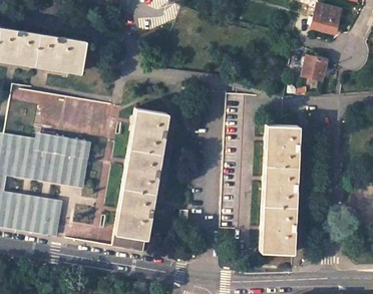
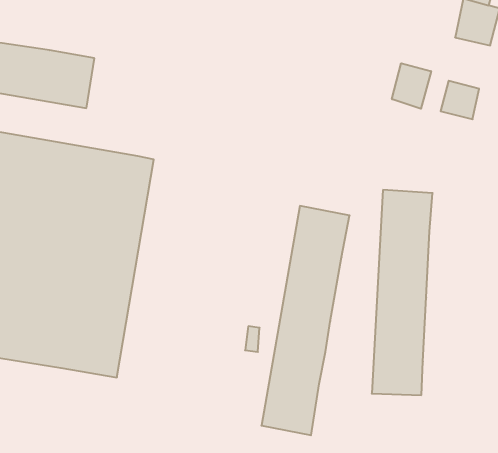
building: none -> [392,63,431,109]
building: [114,106,169,250] -> [261,206,350,435]

